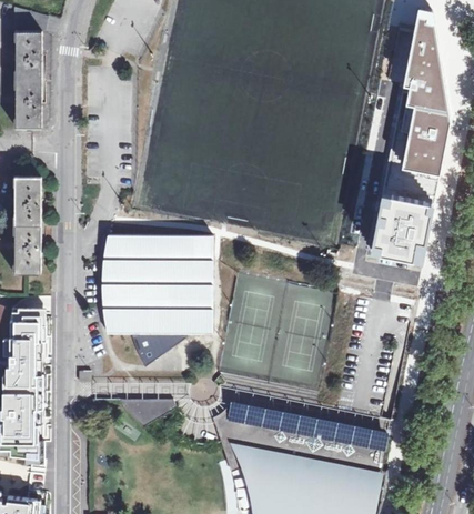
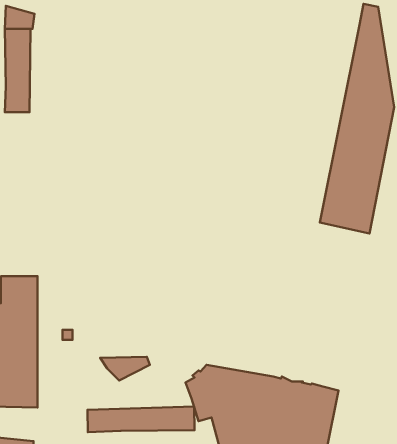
building: [14,178,41,273] -> none
building: [101,232,213,365] -> none
building: none -> [87,407,195,432]

